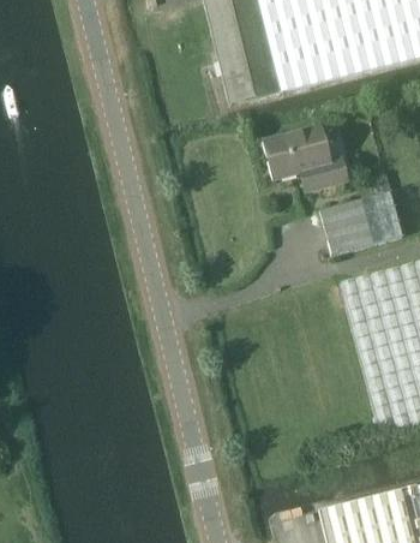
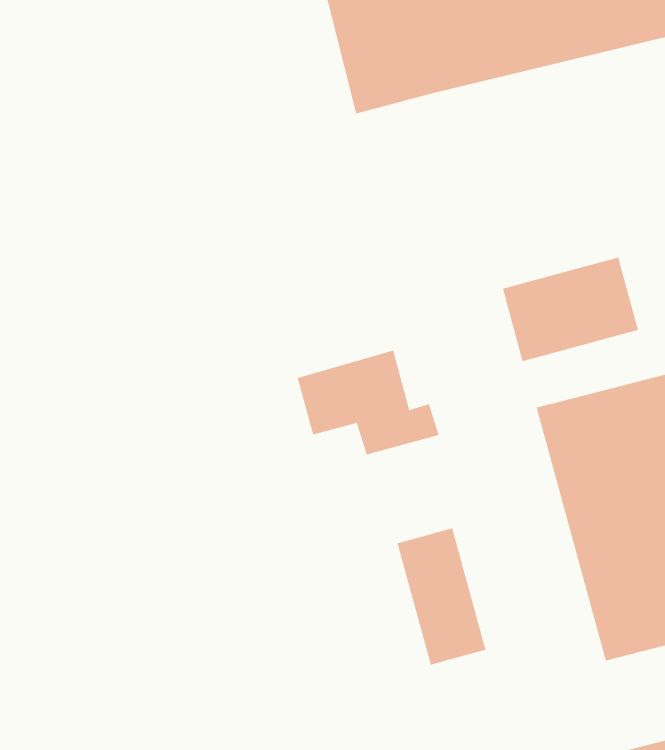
building: [264,126,350,190] -> [297,350,439,455]
building: none -> [397,527,486,666]

